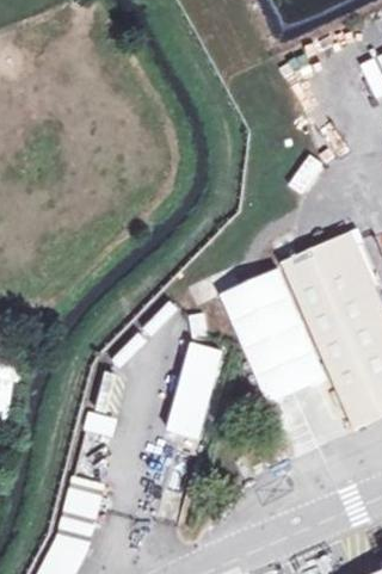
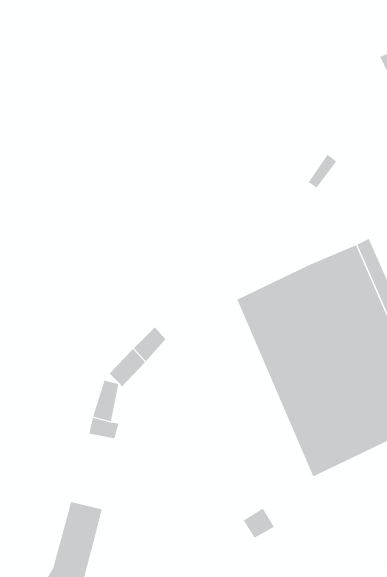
building: [172,340,221,437] -> none

